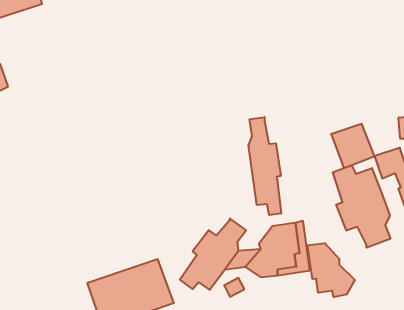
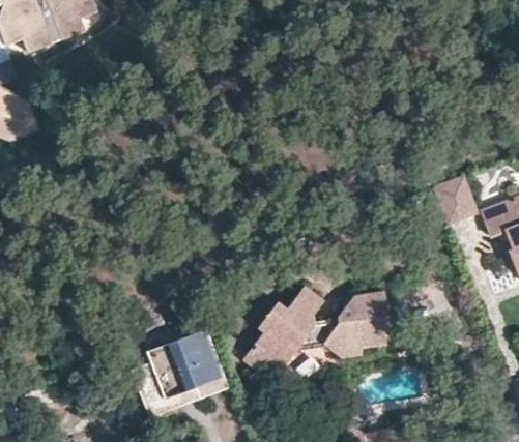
building: [249,117,281,215] -> none
building: [333,165,390,248] -> none
building: [308,243,355,297] -> none

